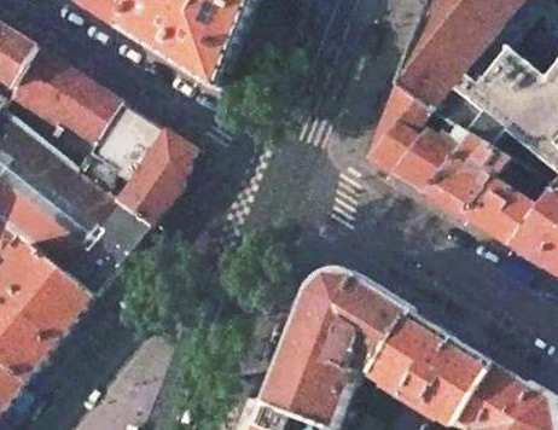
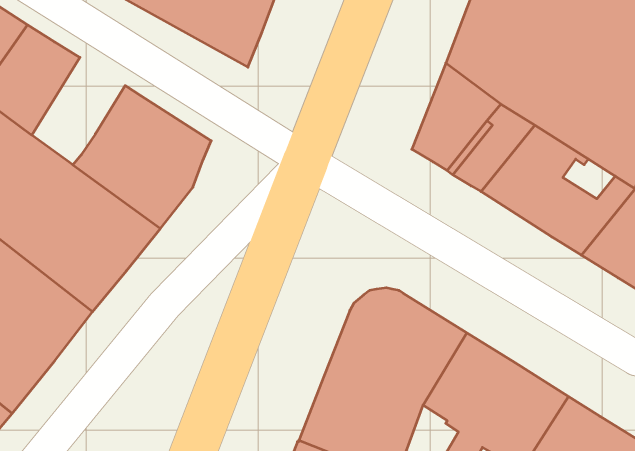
building: [39,76,118,168] -> none

